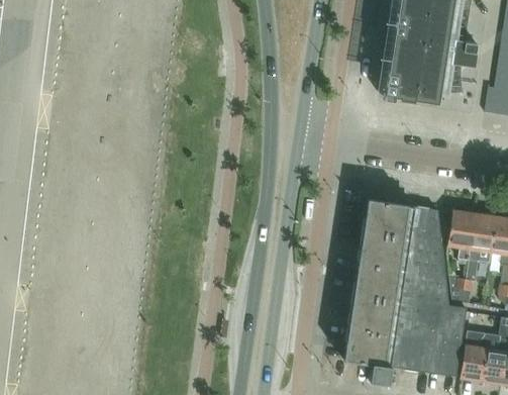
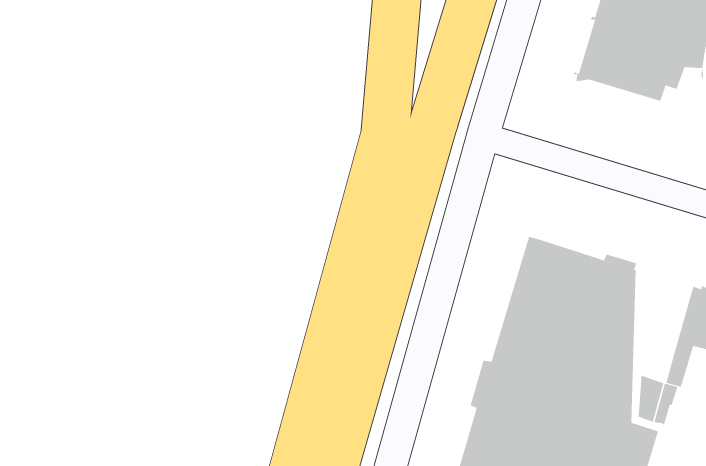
building: [447,209,475,259] -> none

